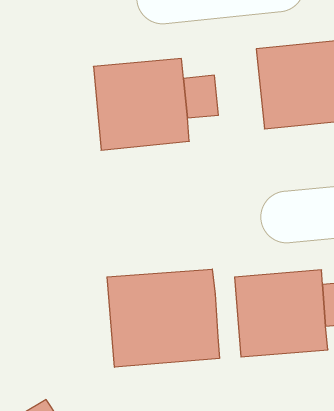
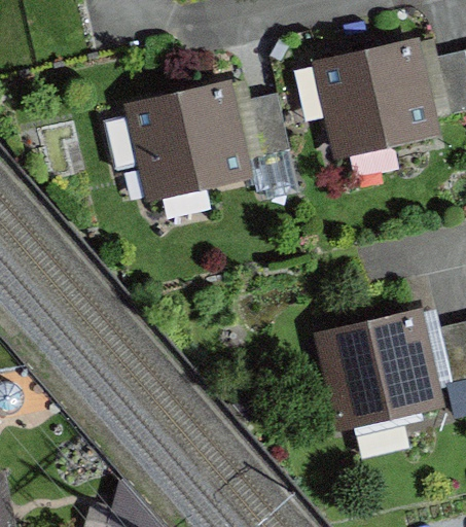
building: [107,269,219,367] -> none

